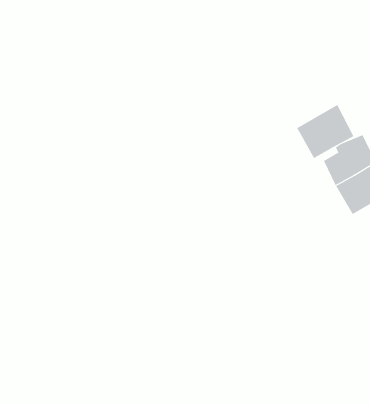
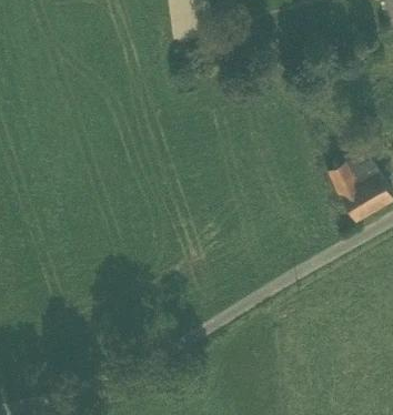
building: [296,104,354,159] -> none

